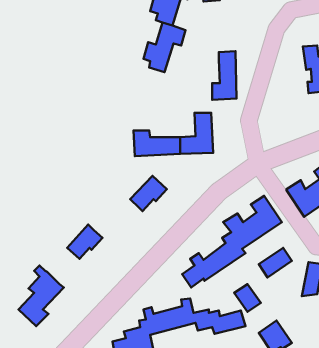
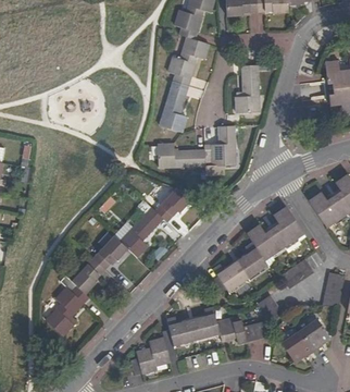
building: none -> [160,81,189,132]
building: none -> [120,207,164,257]
building: none -> [72,258,105,294]
building: none -> [299,318,330,352]

